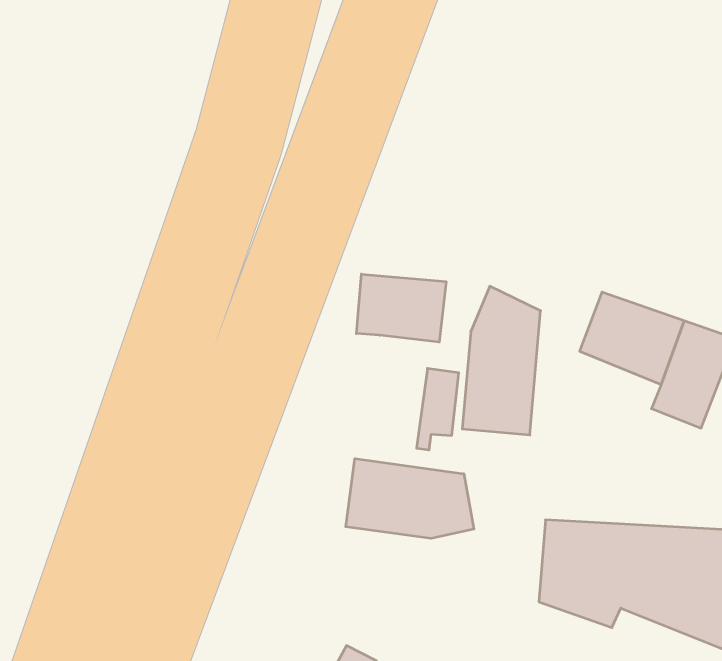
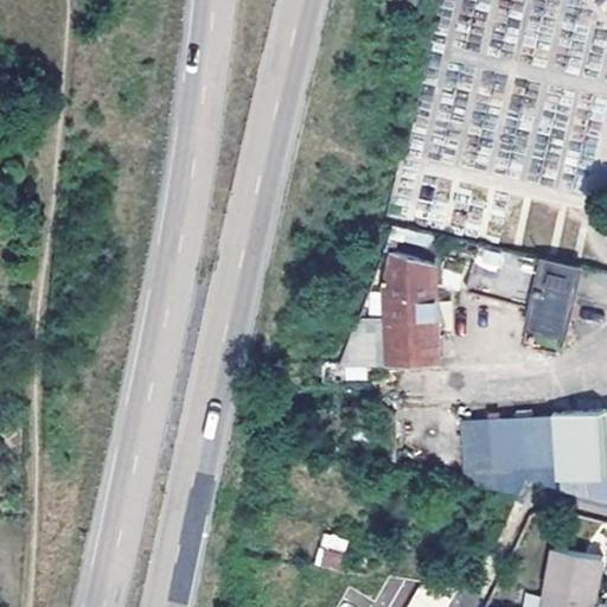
building: [356,274,446,342] -> none
building: [346,459,474,538] -> none

